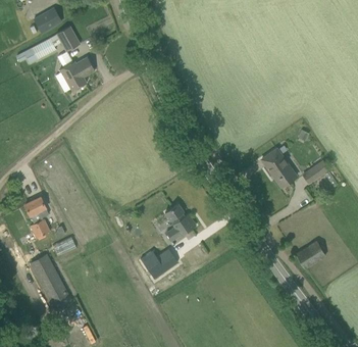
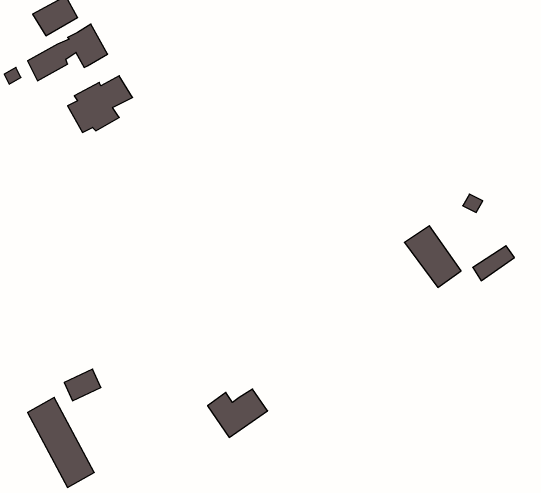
building: [23,197,50,238] -> none
building: [164,203,196,241] -> none
building: [295,241,325,268] -> none

